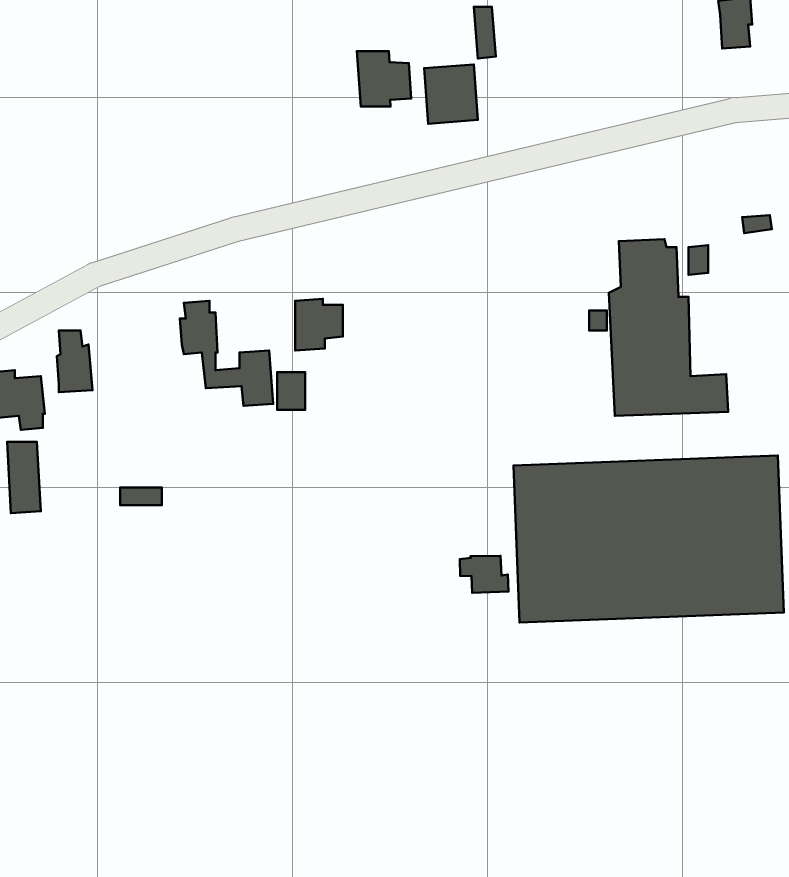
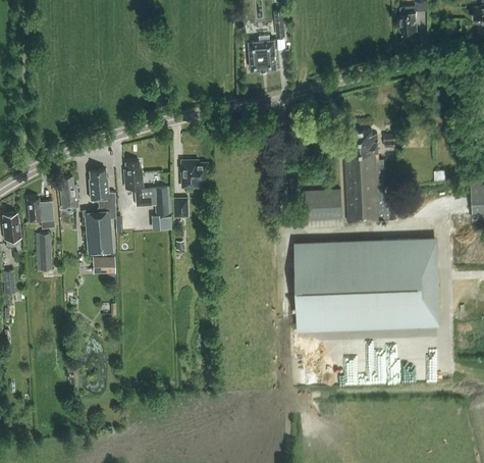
building: [357,51,411,107] -> none
building: none -> [85,170,116,253]
building: none -> [304,191,342,221]
building: [460,556,508,593] -> none

